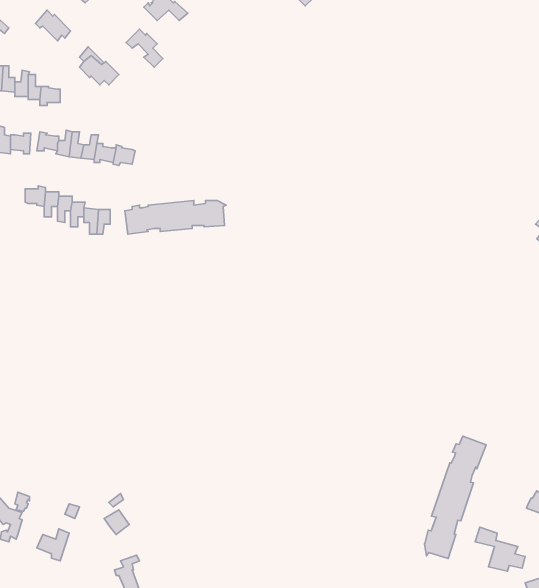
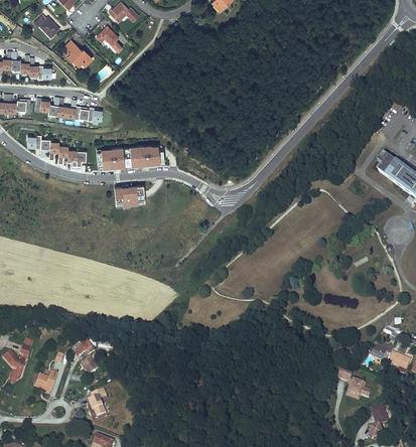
building: none -> [114,184,145,206]
building: [425,436,486,559] -> none

